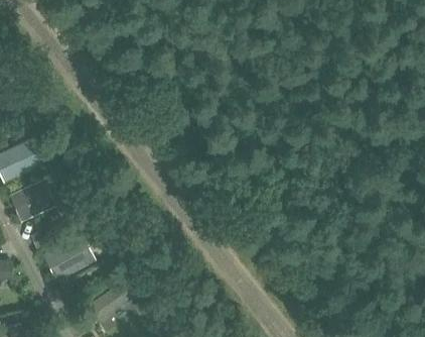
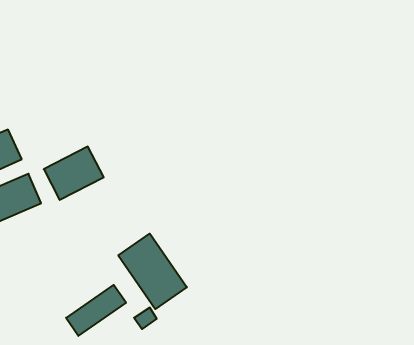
building: none -> [118,234,187,309]
building: [40,235,94,283] -> [44,147,104,200]

